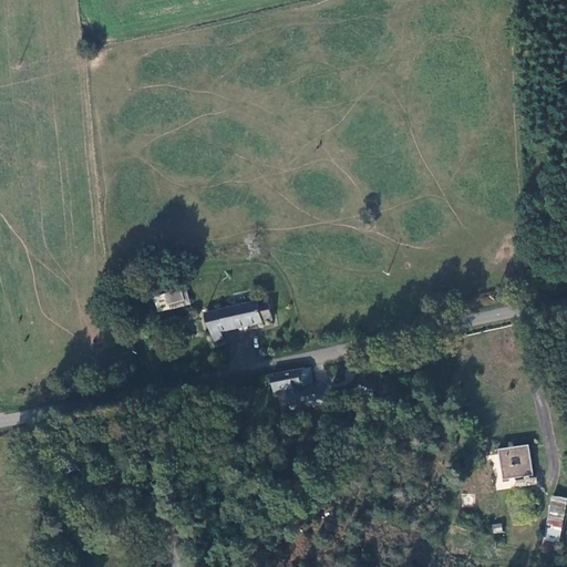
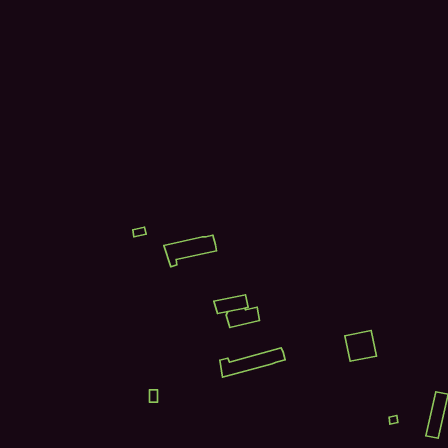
building: none -> [220,348,285,377]
building: [495,445,535,484] -> [345,330,377,361]

